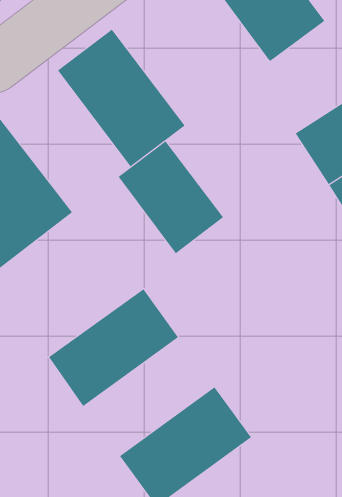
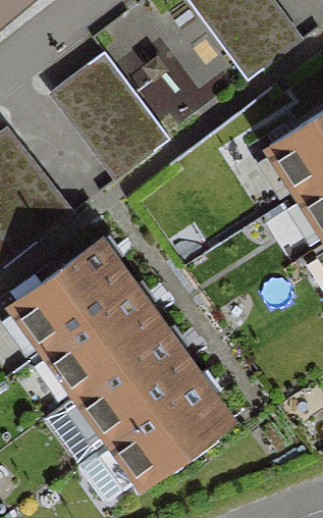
building: [118,141,224,254] -> none
building: none -> [14,241,134,349]
building: none -> [47,330,199,463]

